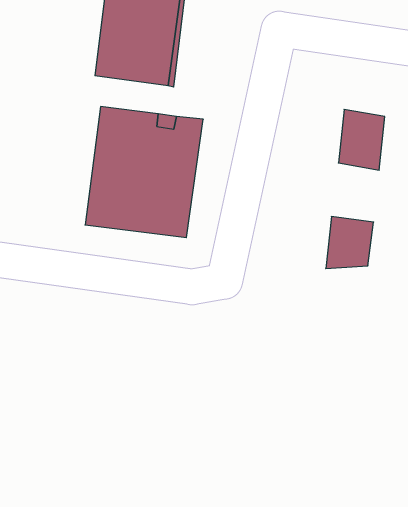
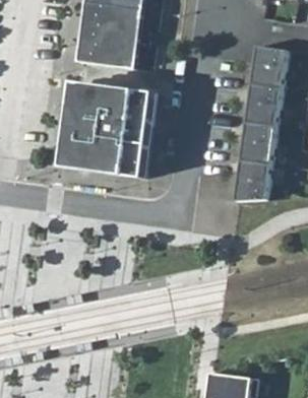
building: none -> [256,48,290,90]
building: none -> [247,124,282,167]

